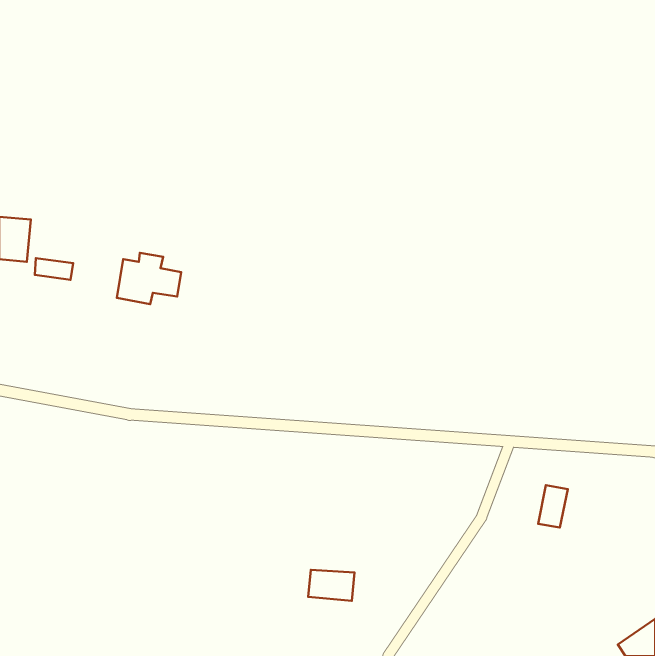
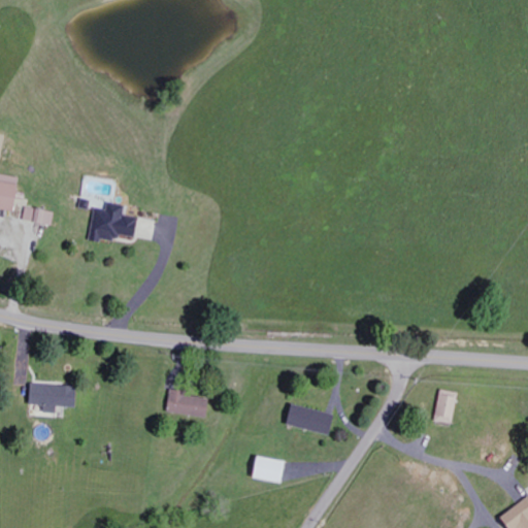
building: none -> [36,385,84,414]
building: none -> [164,392,205,418]
building: none -> [283,405,332,434]

